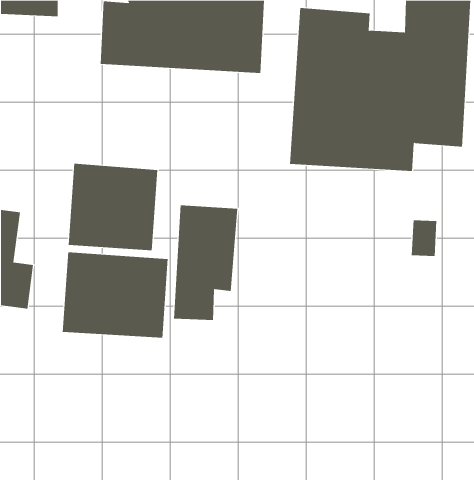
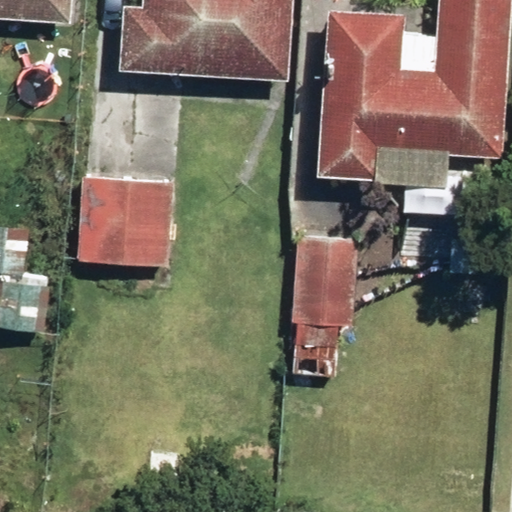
building: [173,205,238,321] -> [292,235,361,358]
building: [62,251,168,339] -> none

